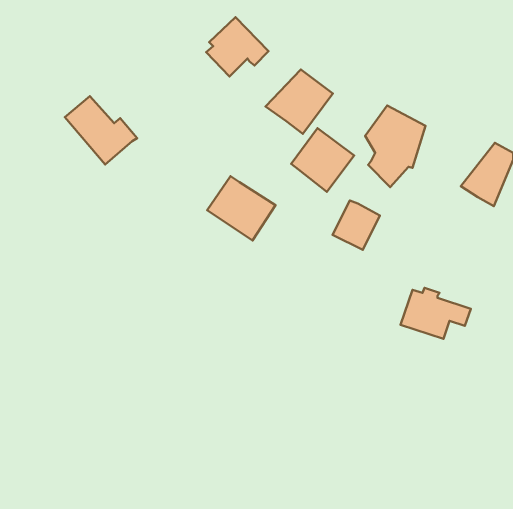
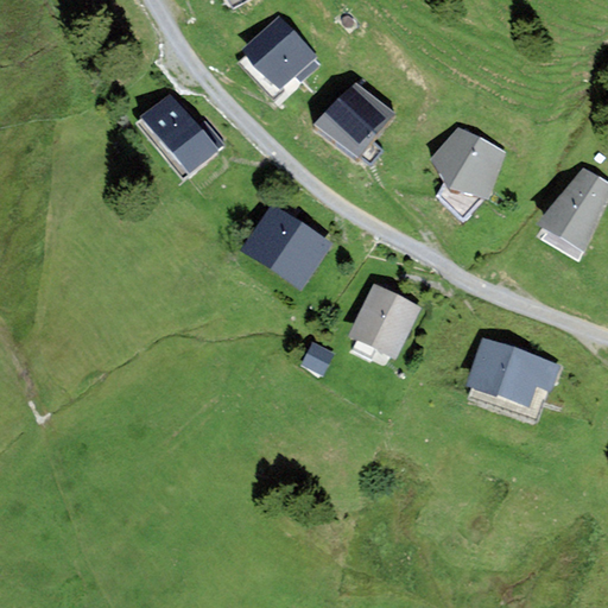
building: [65,96,137,164] -> [140,93,226,173]
building: [291,128,354,192] -> none
building: [333,201,380,250] -> [355,291,411,349]

